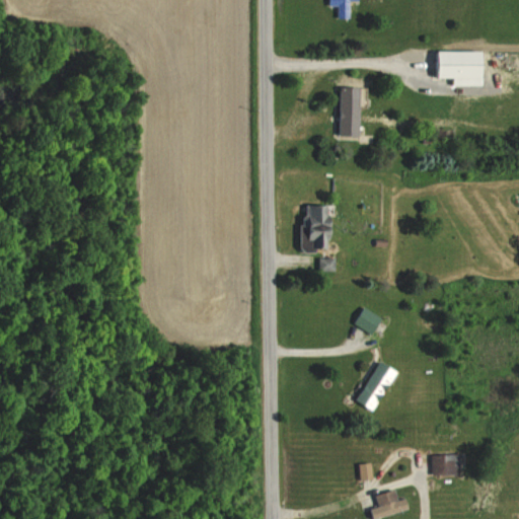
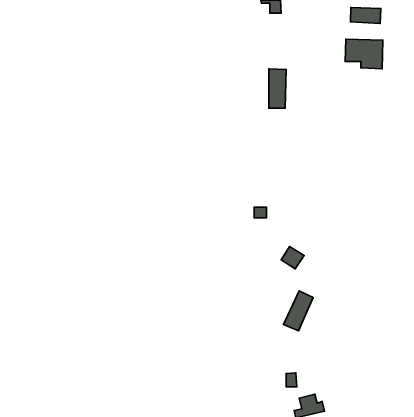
building: none -> [351,8,381,23]
building: [300,206,330,252] -> none
building: [433,455,461,476] -> none

